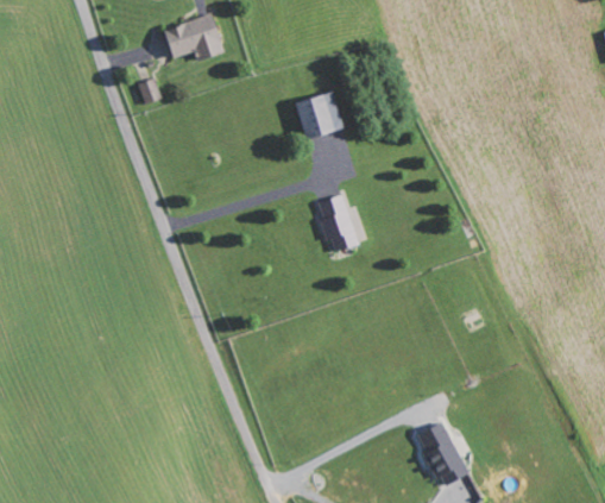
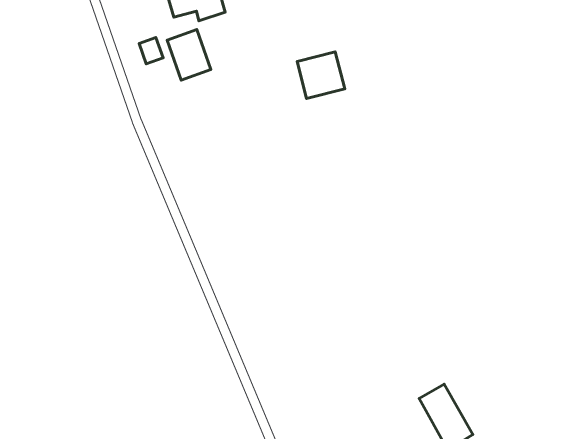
building: none -> [167,30,211,80]
building: [319,194,359,252] -> none

